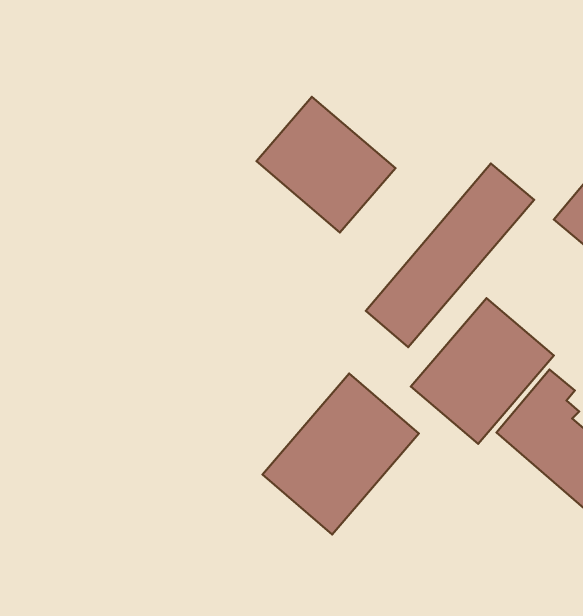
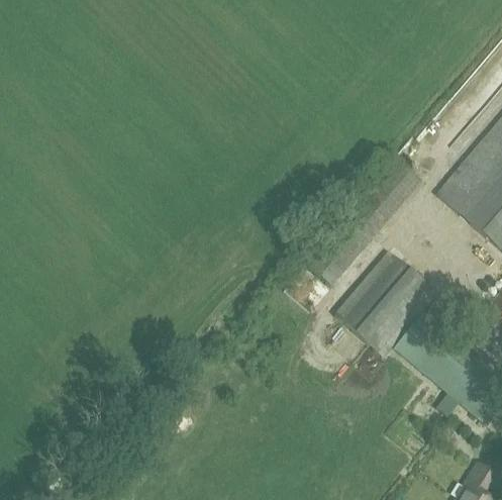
building: [257,97,395,233] -> none
building: [263,373,419,535] -> none

